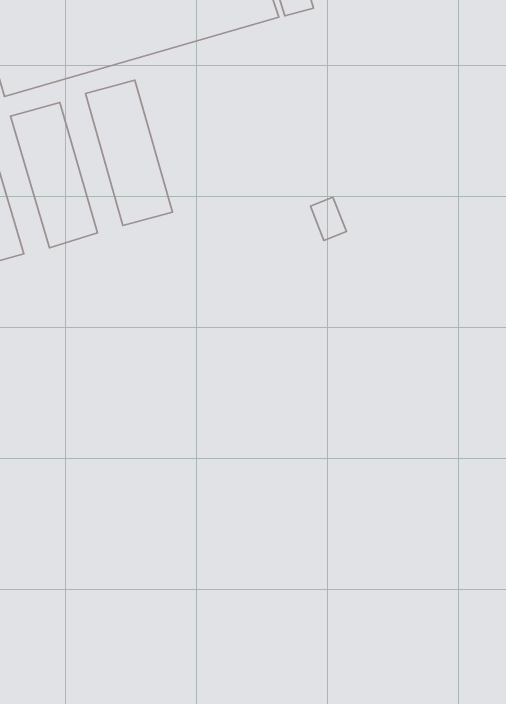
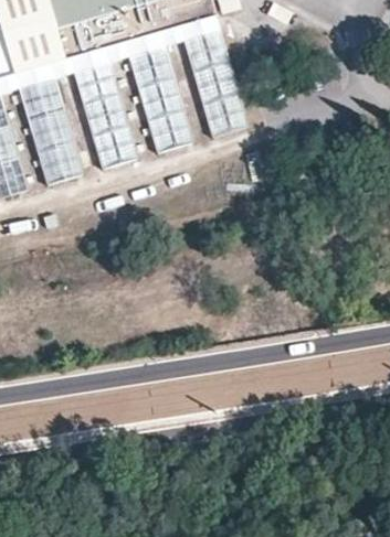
building: none -> [183,29,249,136]
building: none -> [129,44,193,152]

